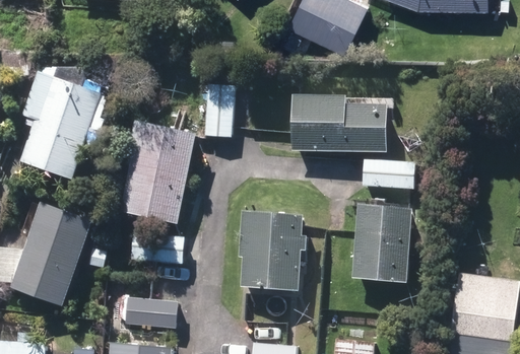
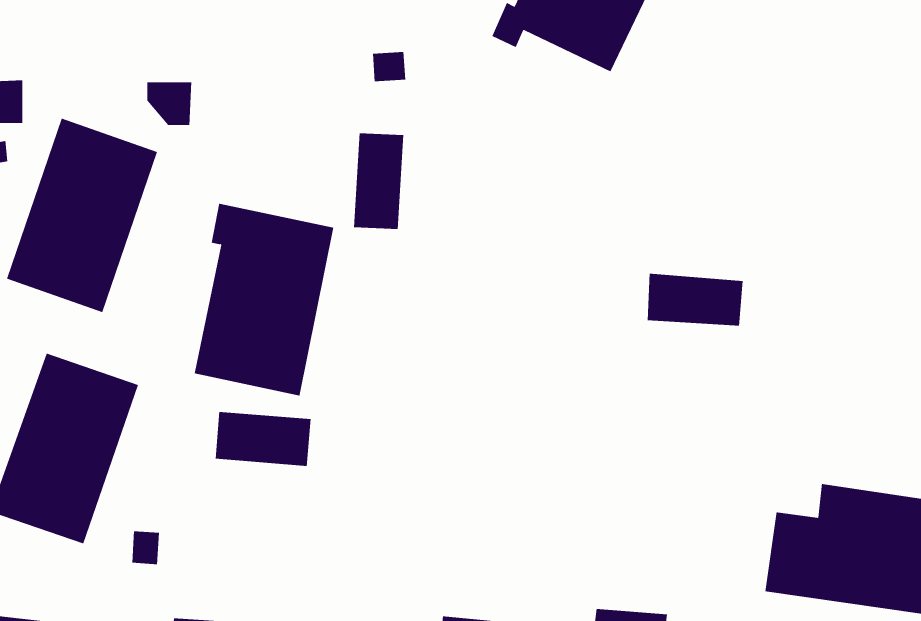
building: [292,95,387,151] -> none
building: [352,204,411,299] -> none
building: [239,210,307,290] -> none
building: [118,296,177,328] -> none

